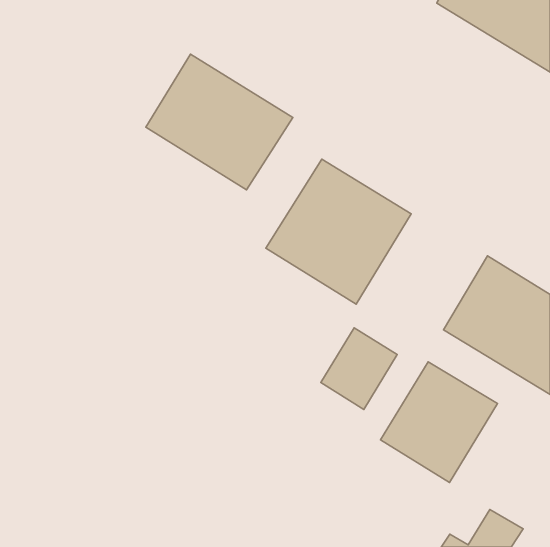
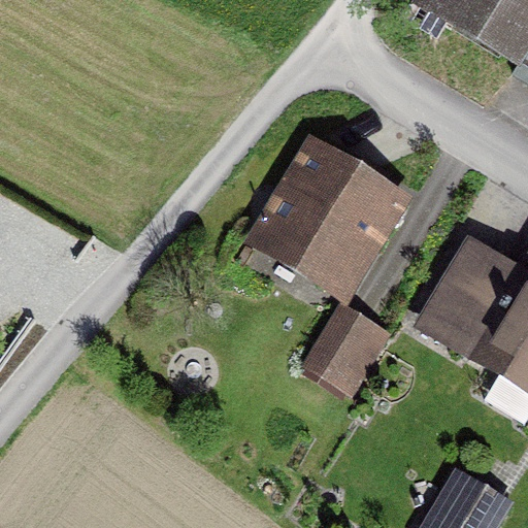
building: [146,54,293,190] -> none
building: [380,362,498,483] -> none

